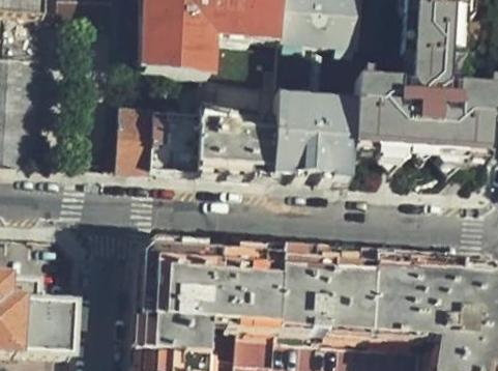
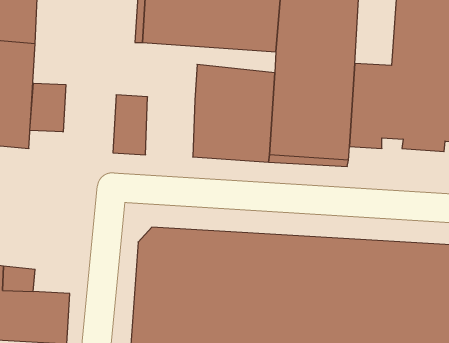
building: none -> [30,83,66,132]
building: [147,111,196,170] -> none

